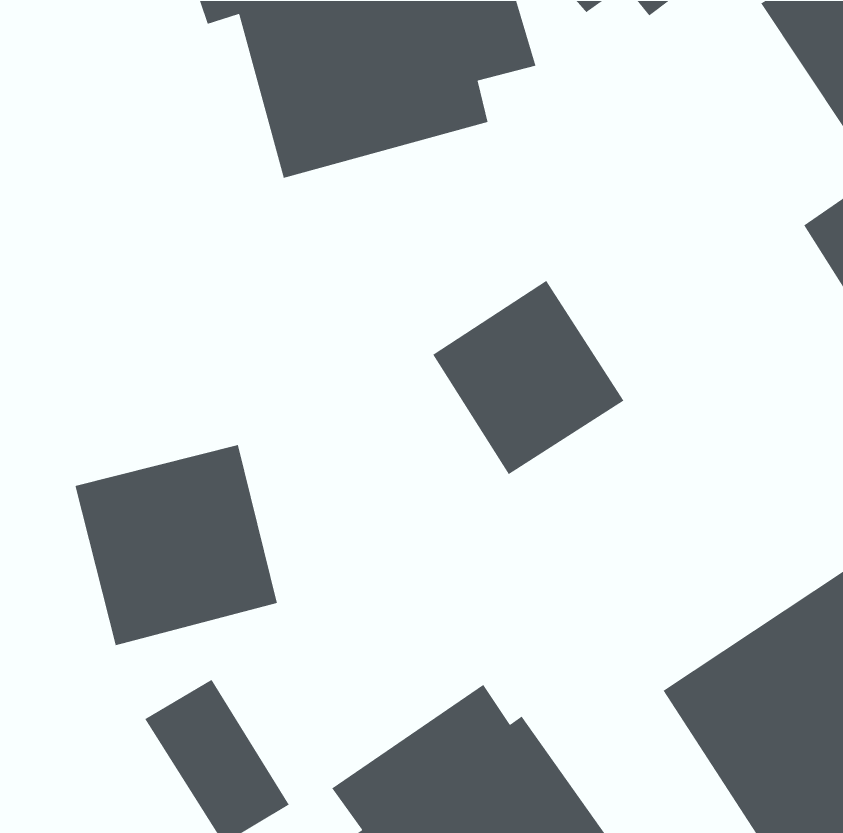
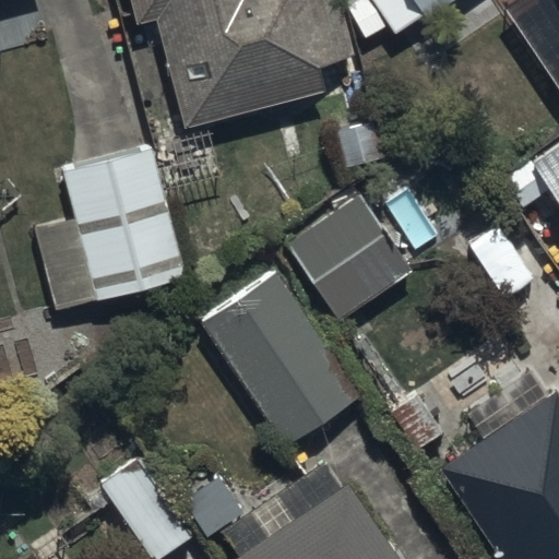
building: none -> [31,147,187,313]
building: none -> [199,267,361,448]
building: [75,444,278,646] -> none

